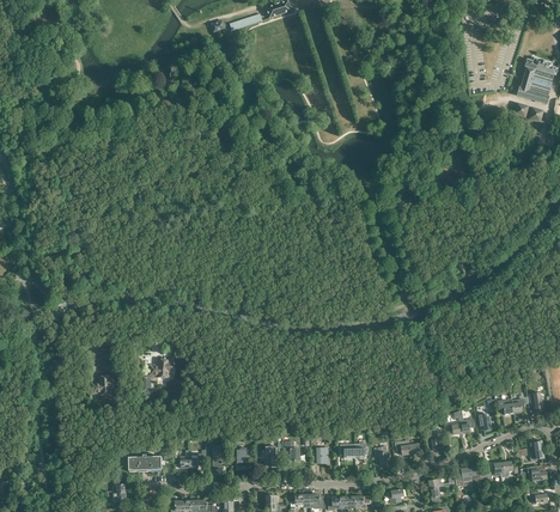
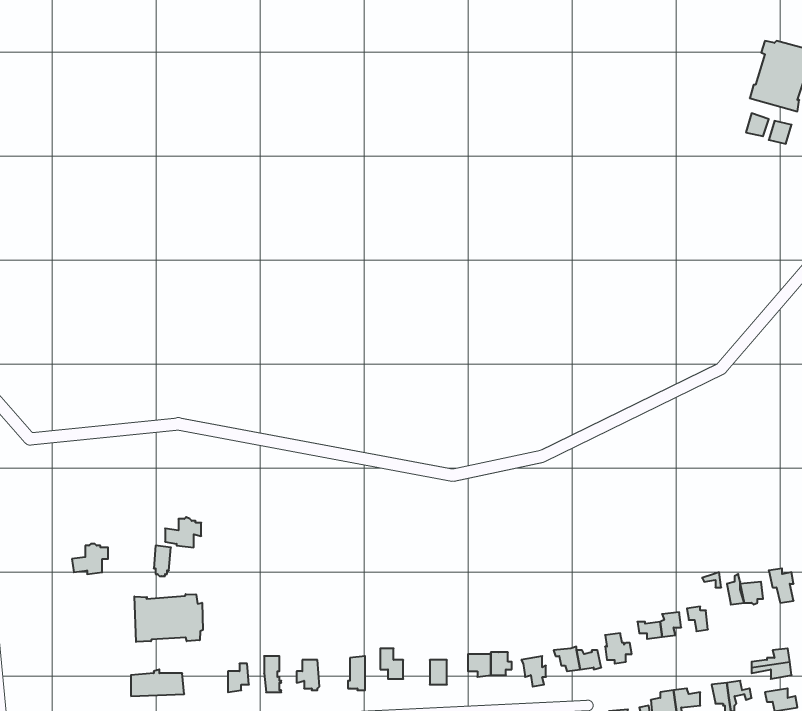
building: none -> [134,594,203,642]

